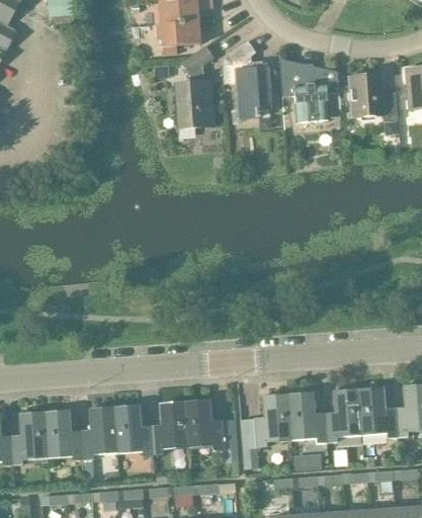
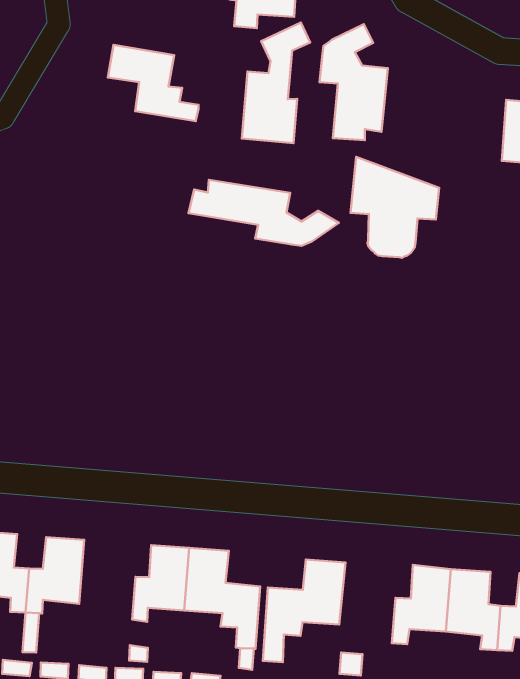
building: [280,59,339,121] -> [351,157,439,258]
building: none -> [108,45,199,121]
building: none -> [189,180,339,246]
building: [289,394,328,444] -> none
building: [115,405,155,455] -> none

